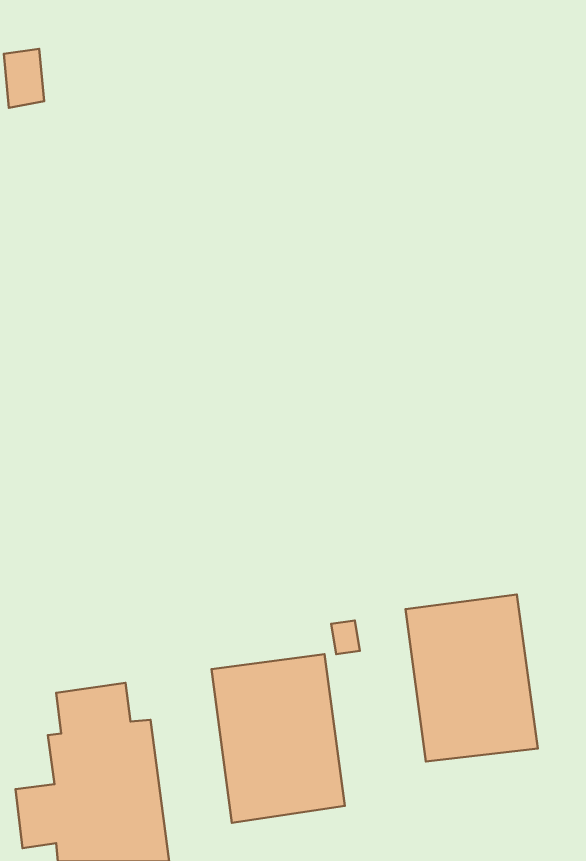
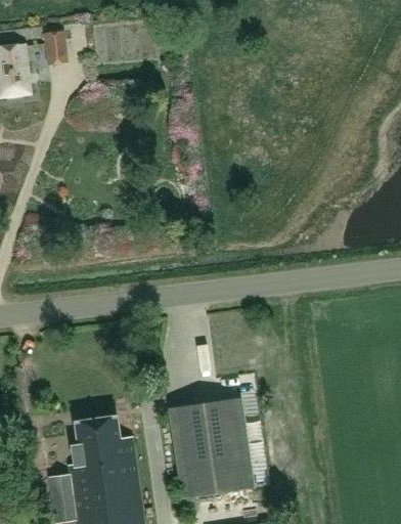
building: [406,594,538,762] -> none

